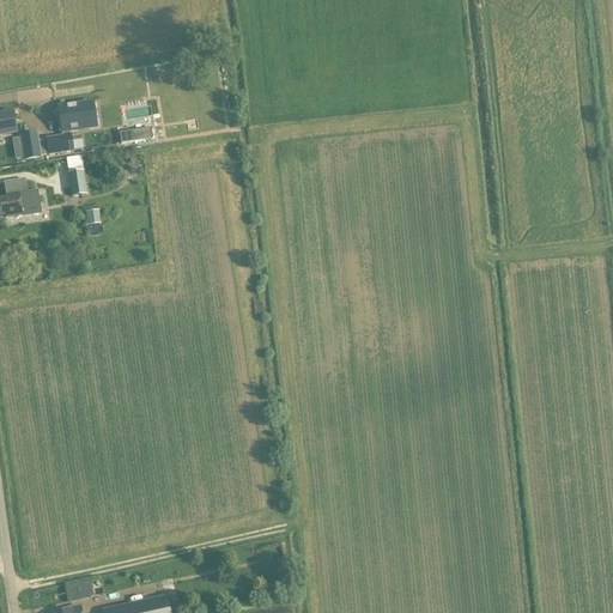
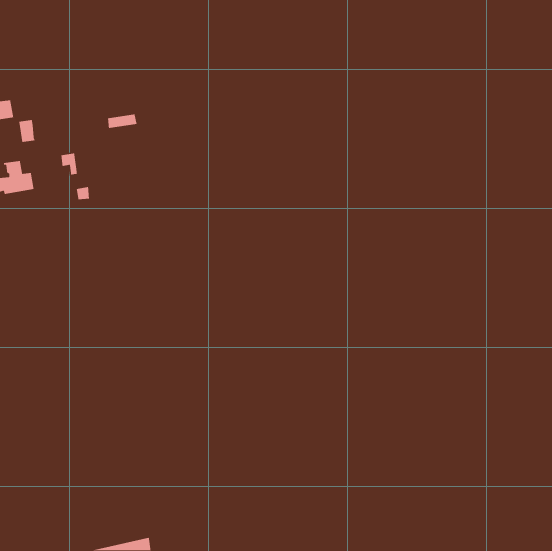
building: [56,101,93,151] -> none

